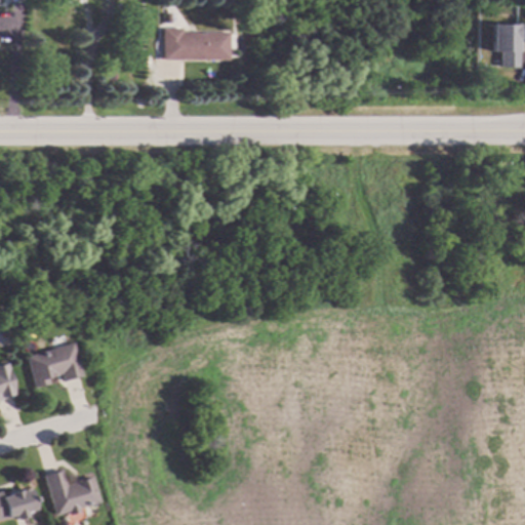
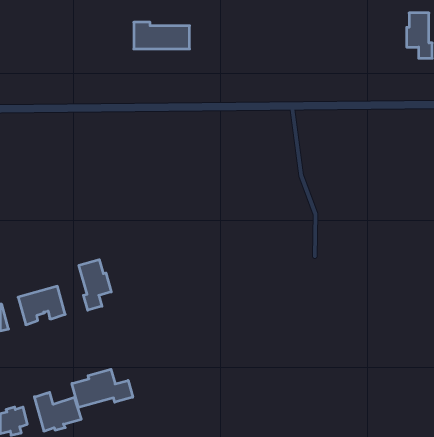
building: none -> [79,260,111,310]
building: none -> [72,369,133,408]

